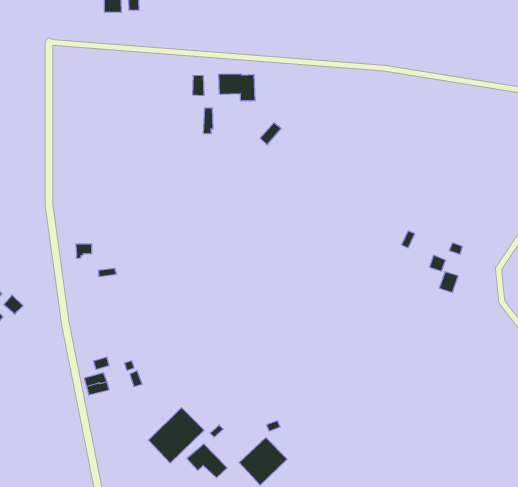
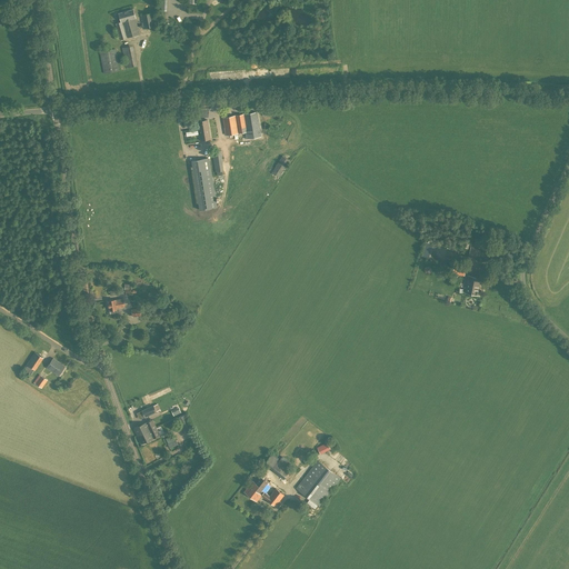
building: none -> [191,159,217,211]
building: [148,408,204,463] -> none

